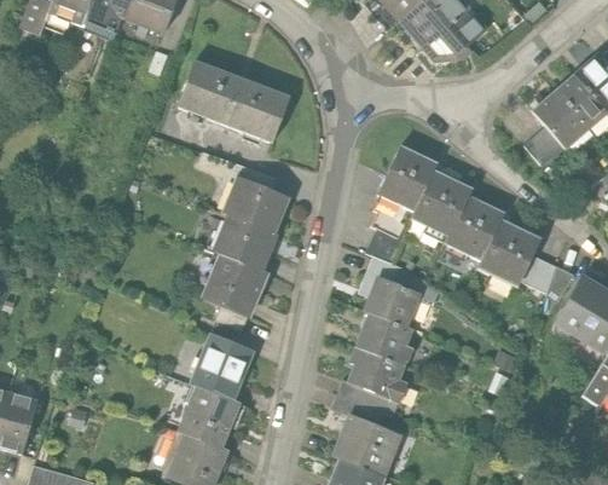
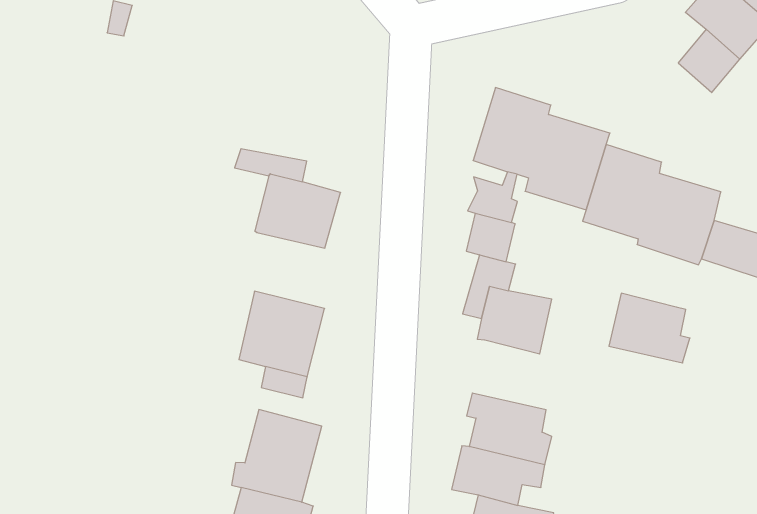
building: [179,62,290,148] -> none
building: [214,216,274,271] -> none
building: [355,310,410,362] -> [609,293,690,363]

